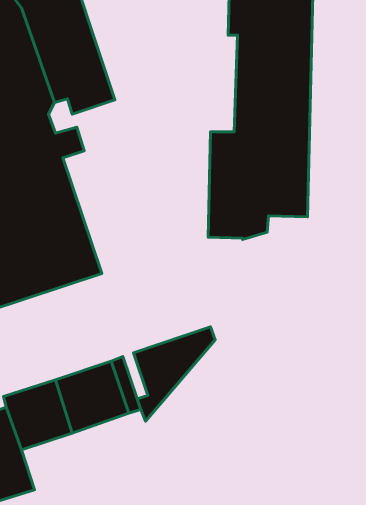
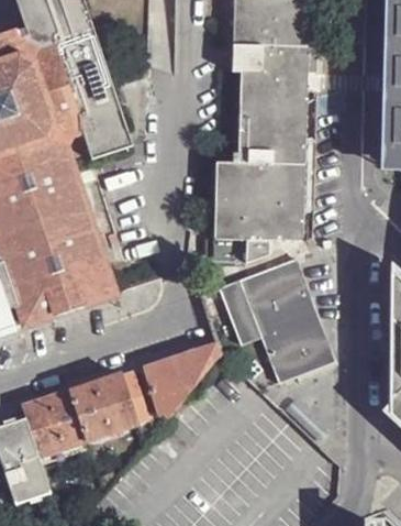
building: none -> [219,259,331,382]

